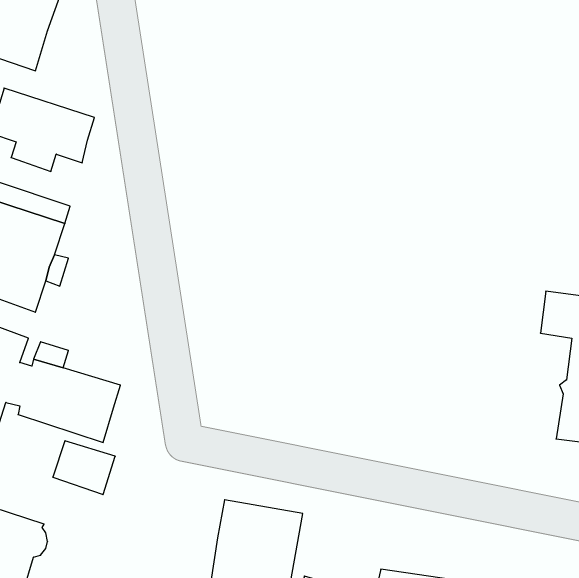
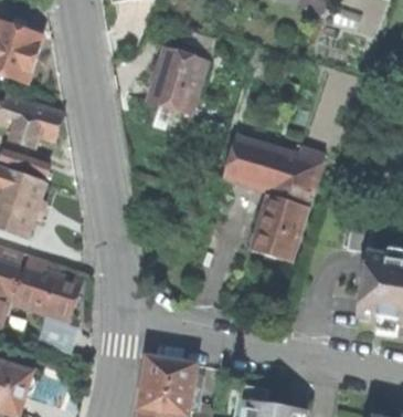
building: none -> [147,46,208,113]
building: none -> [226,137,325,261]

